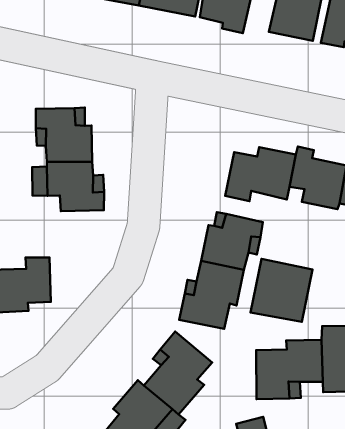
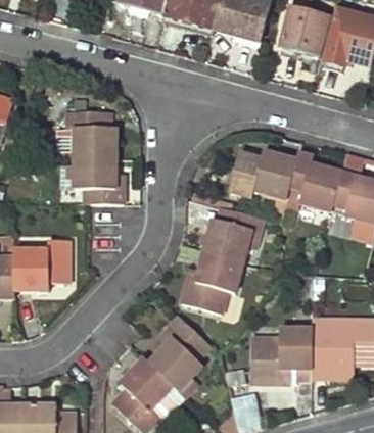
building: [251,259,312,322] -> none

